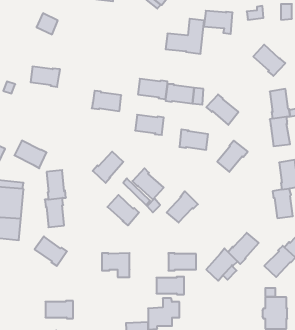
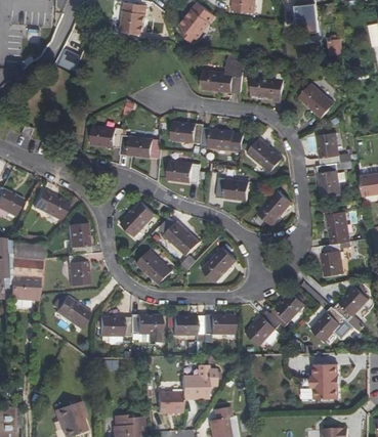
building: [204,11,233,34] -> [251,77,283,102]
building: [31,67,60,87] -> [90,125,123,147]
building: [156,277,184,294] -> [173,315,204,335]
building: [45,301,73,318] -> [99,316,130,336]

